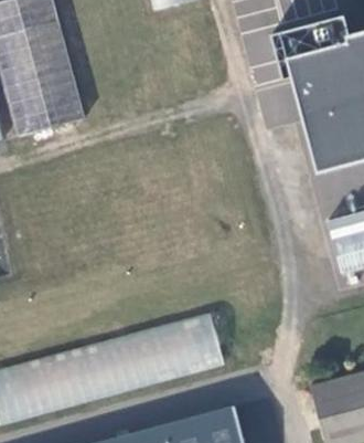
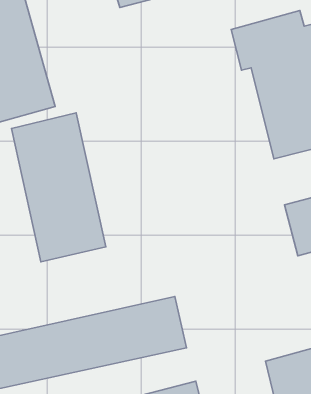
building: none -> [11,113,106,262]

